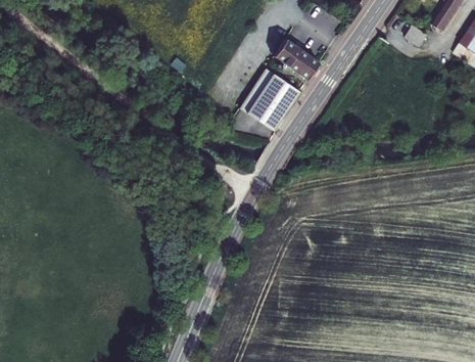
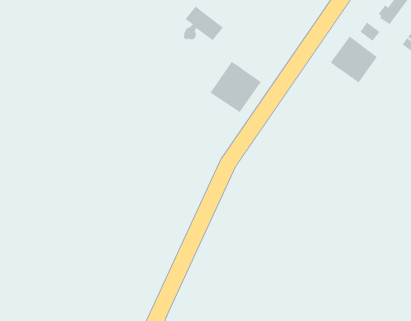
building: [273,39,319,79] -> [183,5,224,41]
building: none -> [330,36,378,84]

